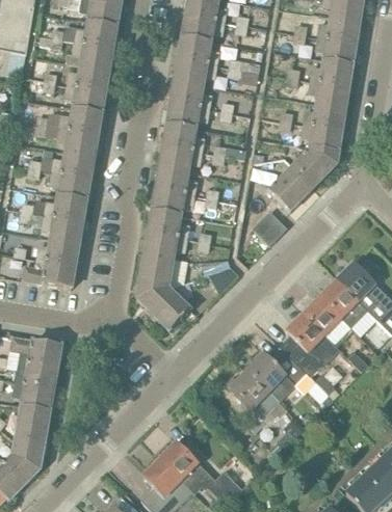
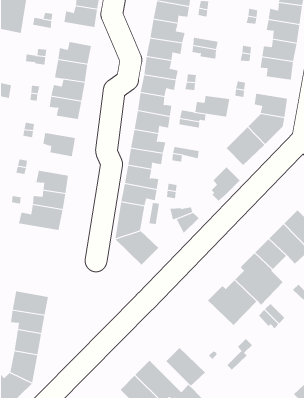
building: [67,39,113,68] -> none
building: [304,104,346,130] -> [194,95,230,117]
building: [53,151,94,177] -> none
building: [46,194,86,221] -> none
building: [10,335,61,366] -> none
building: [230,370,278,416] -> [166,347,206,386]

